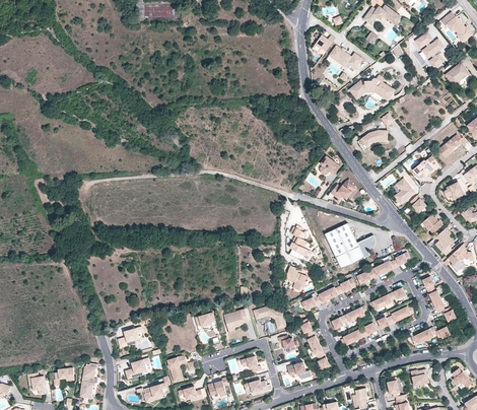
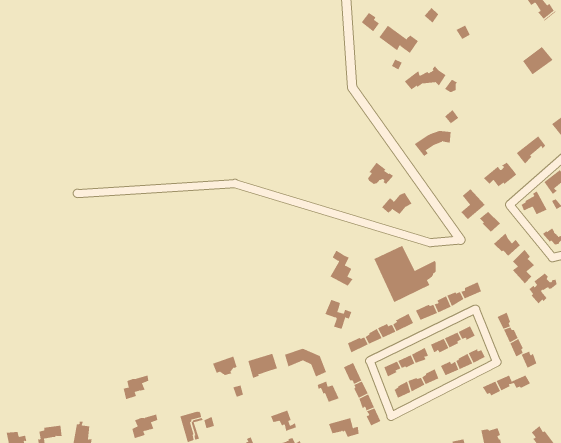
building: [414,31,445,69] -> none

